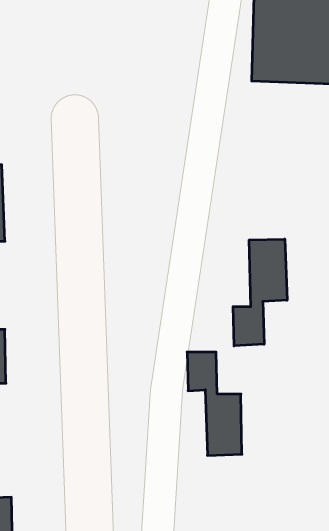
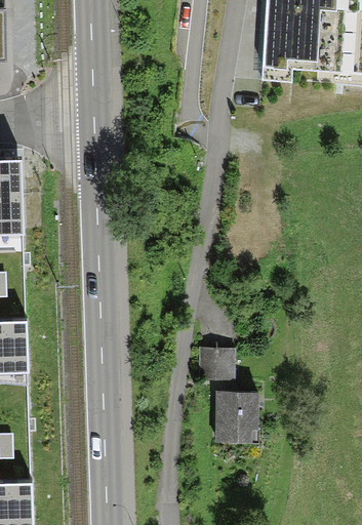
building: [233,239,287,346] -> none

